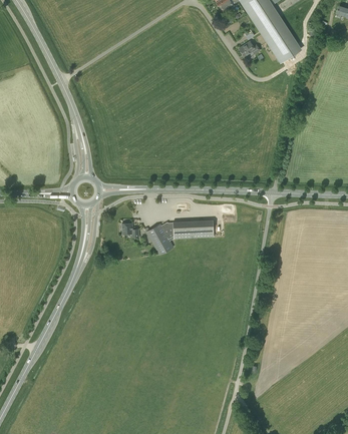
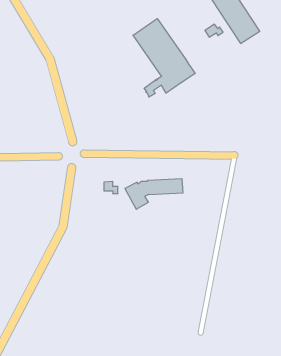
building: none -> [133,19,195,97]

